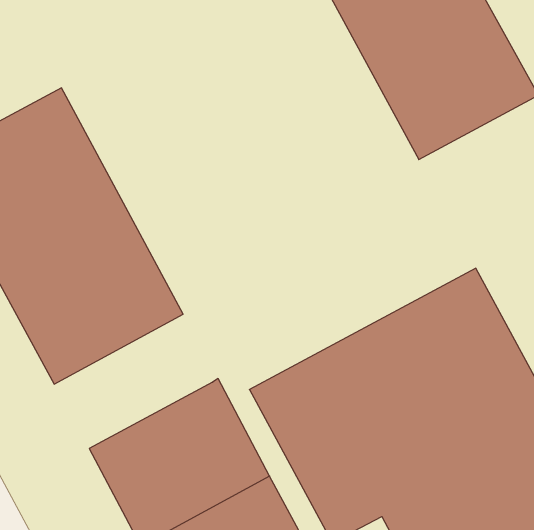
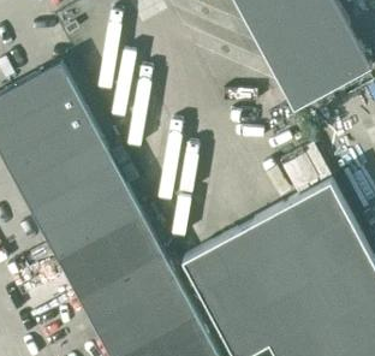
building: none -> [55,210,162,298]

